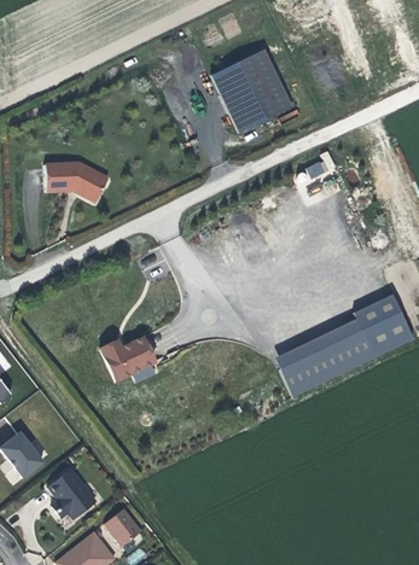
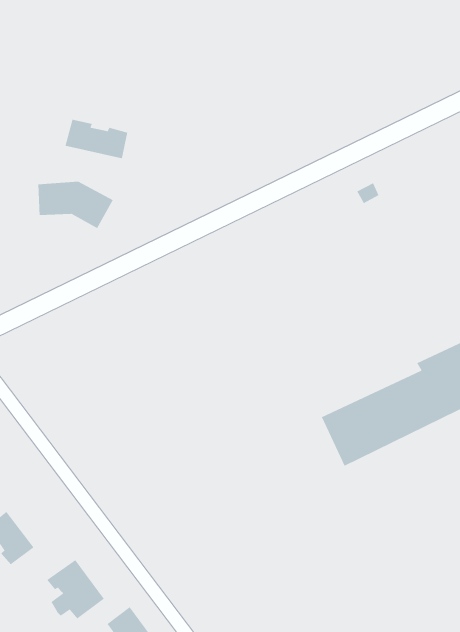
building: [209,48,290,132] -> none
building: none -> [64,119,128,159]
building: [104,338,158,381] -> none

